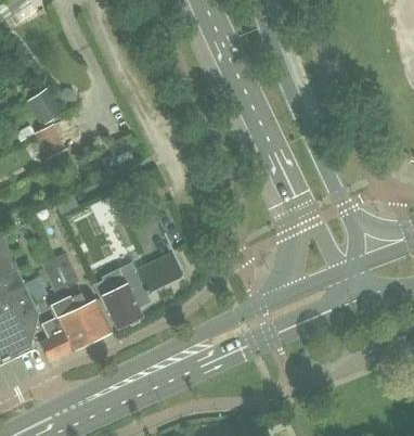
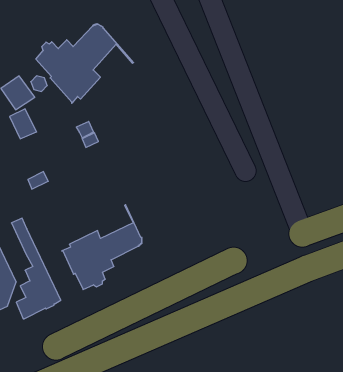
building: none -> [36,24,134,103]
building: [53,254,111,341] -> none

